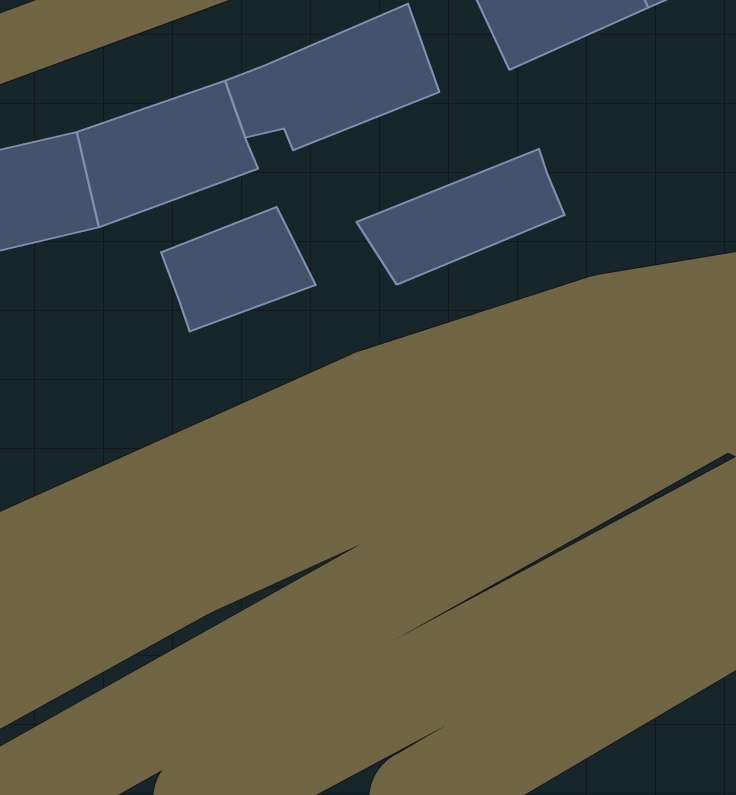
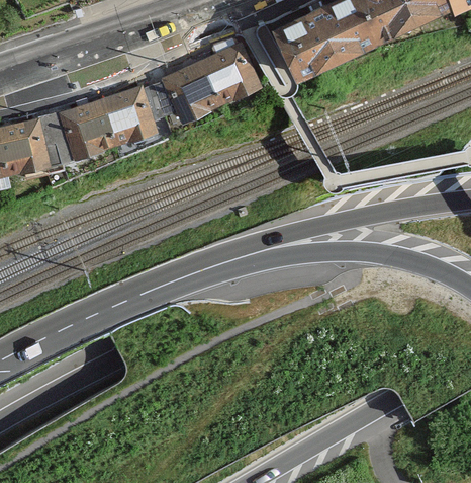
building: [357,149,565,285] -> none
building: [161,207,316,332] -> none

